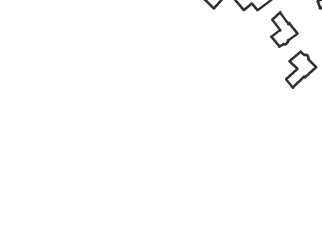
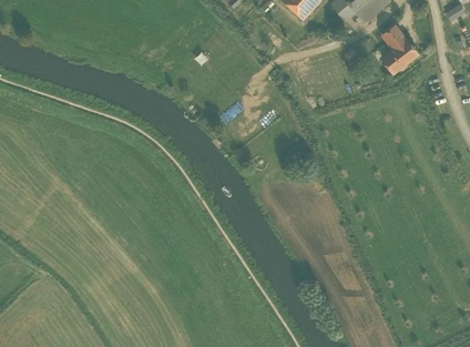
building: [286,52,316,88] -> none

